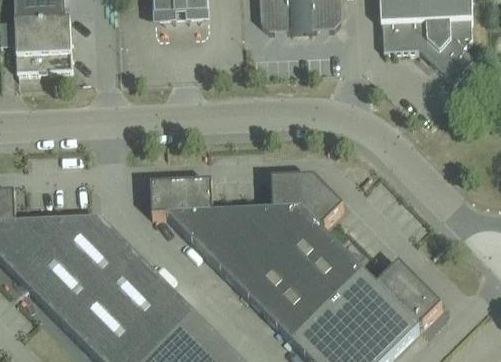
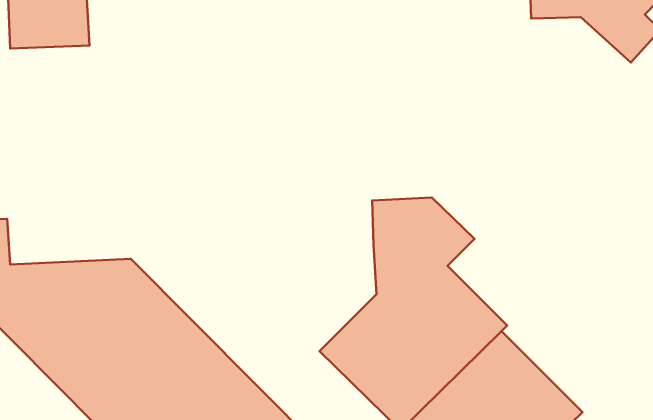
building: [150,178,274,282] -> none
building: [362,259,441,325] -> none

